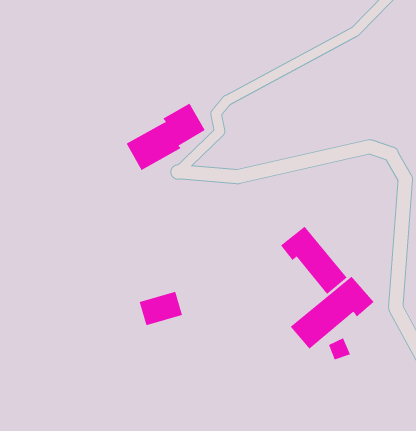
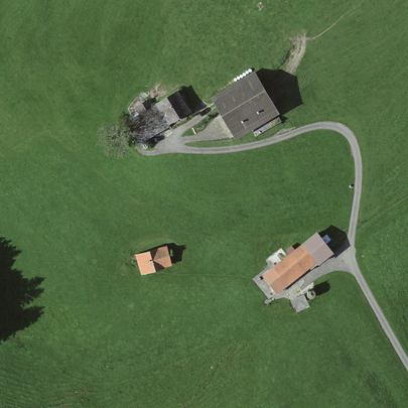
building: none -> [213,70,282,136]
building: [280,226,348,295] -> none

